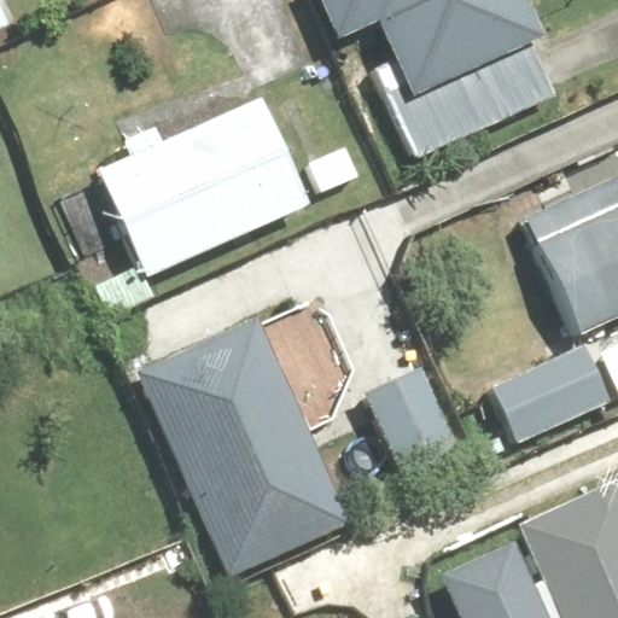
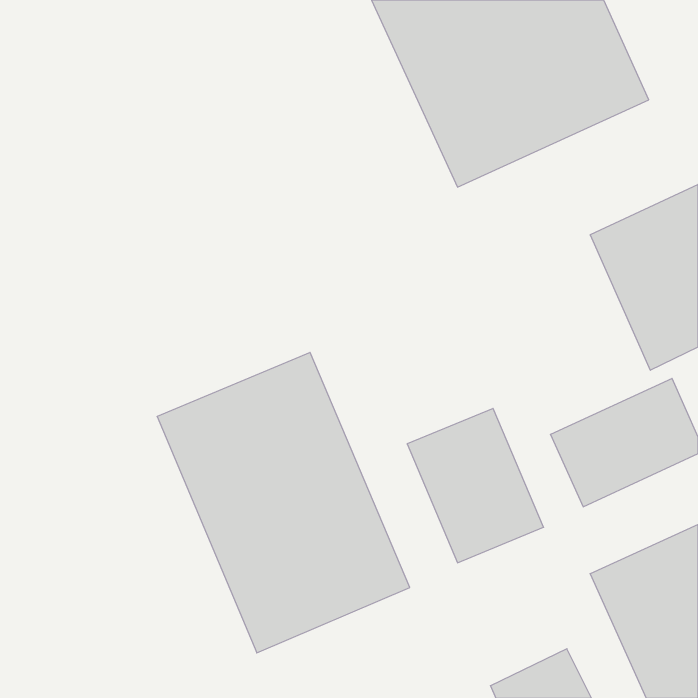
building: [97,92,320,279] -> none

